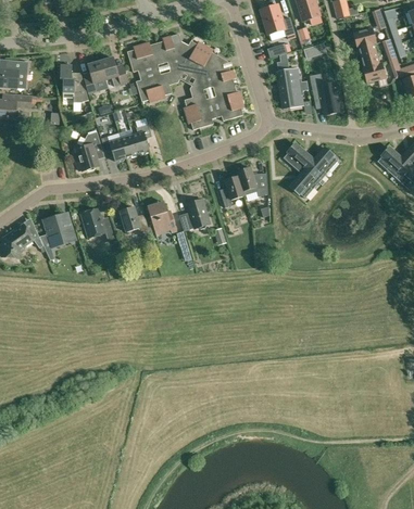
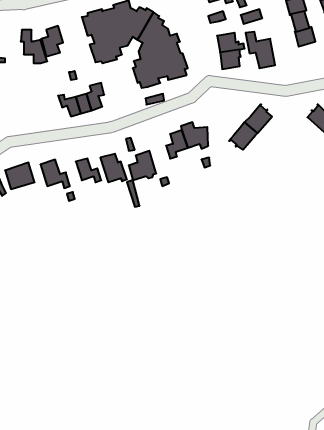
building: [101,58,129,86] -> none
building: [75,131,103,170] -> none
building: [284,143,314,174] -> none

